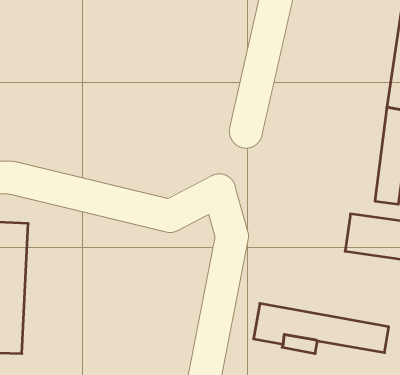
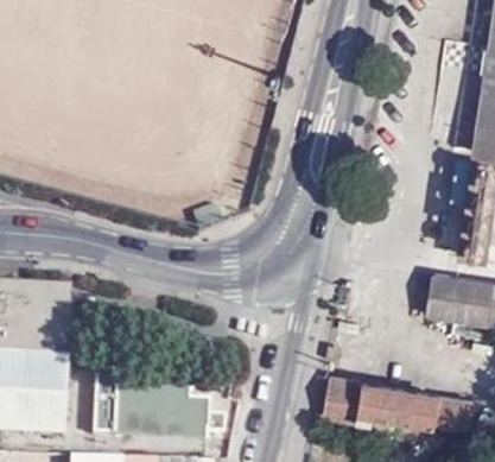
building: none -> [95,369,209,437]

